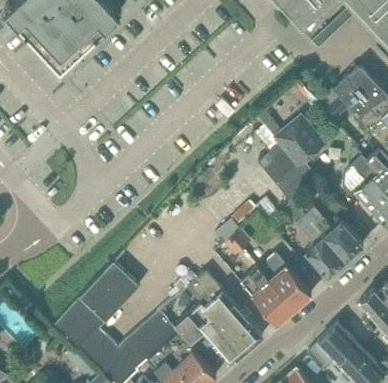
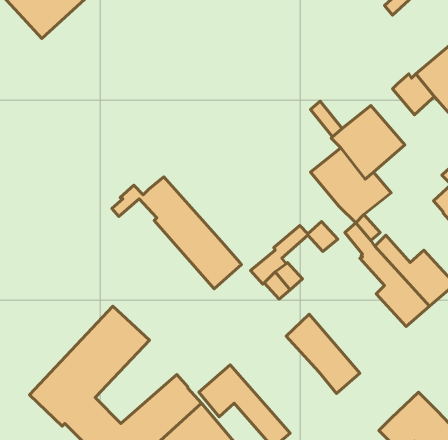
building: [263,255,312,311] -> none
building: [168,273,263,355] -> [112,177,242,289]

